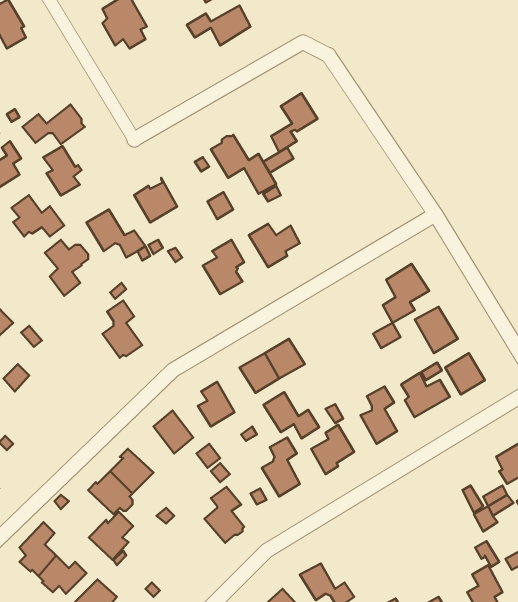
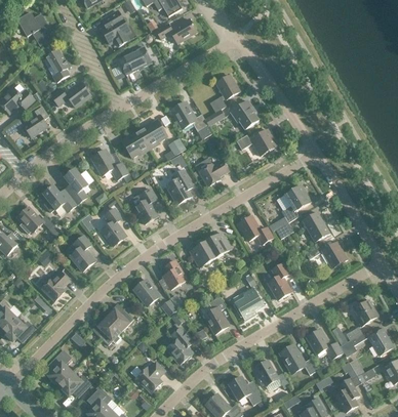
building: none -> [117,46,151,75]
building: none -> [230,100,257,129]
building: [43,146,81,196] -> [45,50,70,82]
building: none -> [138,119,167,148]
building: none -> [236,129,276,156]
building: [11,195,64,237] -> [42,185,76,212]
building: none -> [133,189,158,224]
building: none -> [69,235,94,272]
building: [401,373,450,417] -> none
building: [263,392,319,438] -> [237,215,273,245]
building: none -> [41,272,69,301]
building: none -> [306,329,342,358]
building: [89,512,133,560] -> [135,362,164,392]
building: none -> [279,344,317,375]
building: none -> [253,360,289,388]

